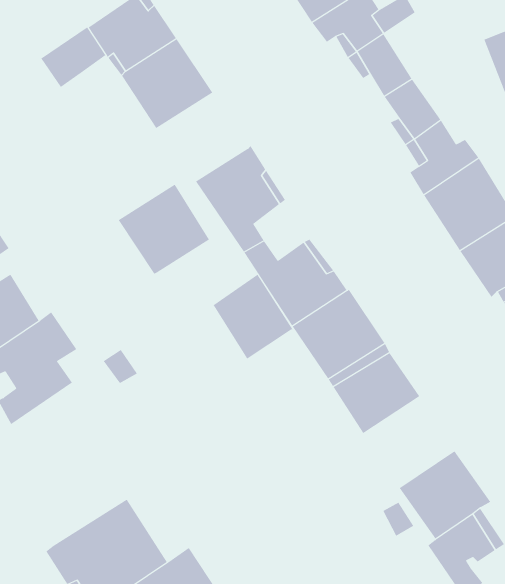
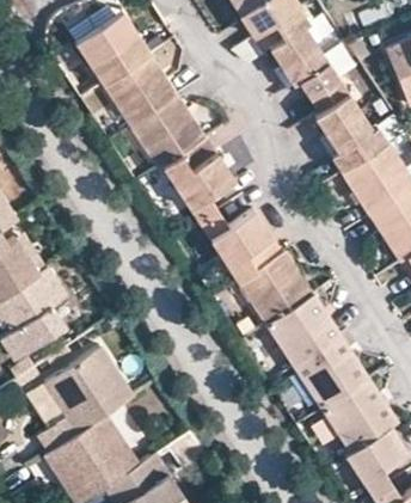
building: [40,26,106,88] -> none
building: [118,184,210,274] -> [129,91,202,162]
building: [213,274,293,360] -> none
building: none -> [293,331,366,404]
building: none -> [37,345,134,449]

